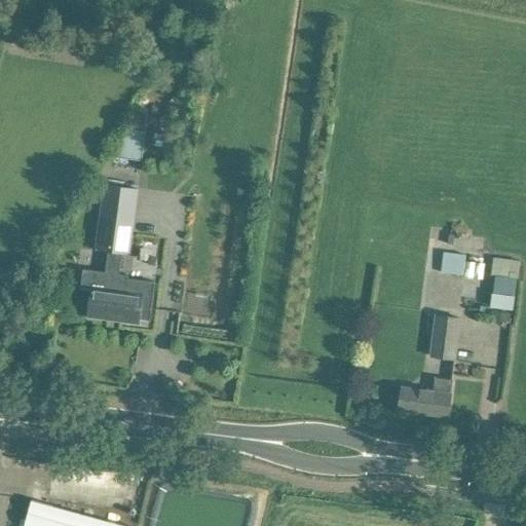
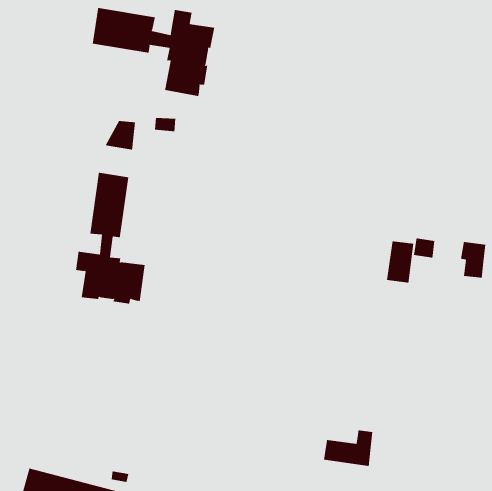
building: none -> [92,7,215,97]
building: [429,316,459,362] -> [386,241,414,283]
building: [399,378,452,417] -> [323,430,373,466]

